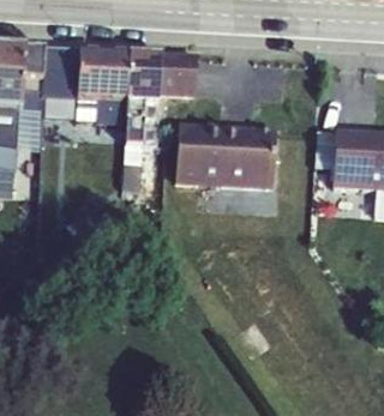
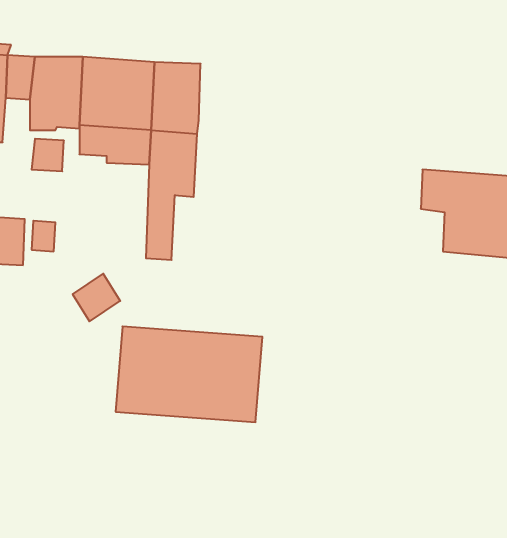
building: [161,53,199,96] -> none
building: [174,122,277,189] -> [116,326,262,422]

